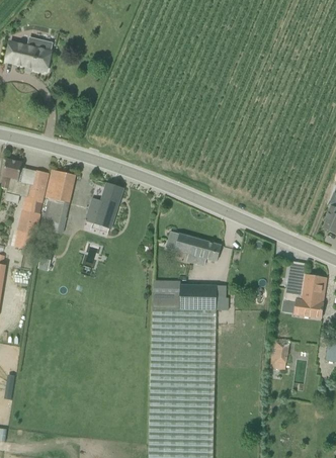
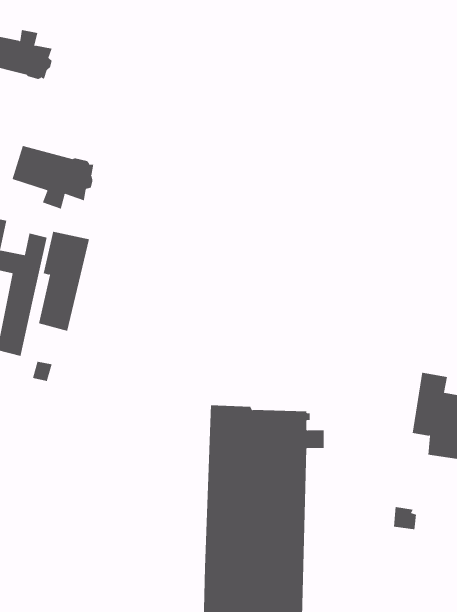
building: none -> [12,145,94,209]
building: [89,182,124,228] -> none
building: [167,231,222,265] -> none

